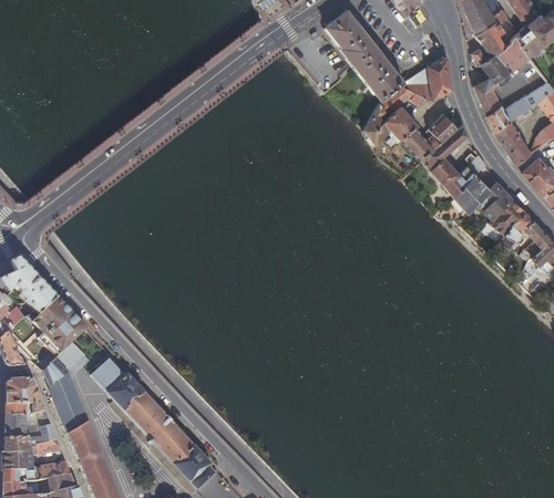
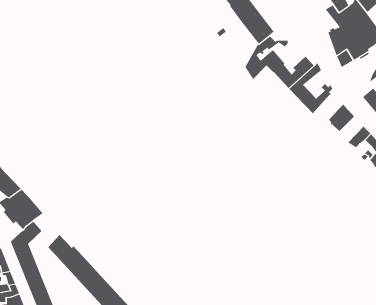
building: [397,55,453,100] -> none
building: [494,122,532,165] -> none
building: [454,173,490,212] -> none
building: [489,198,525,234] -> none

